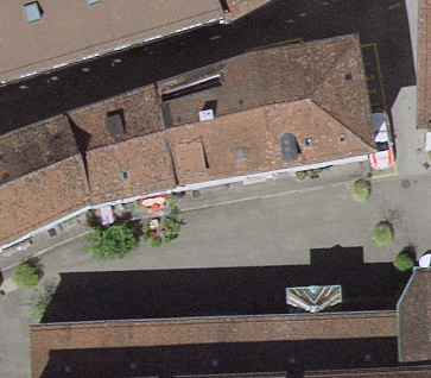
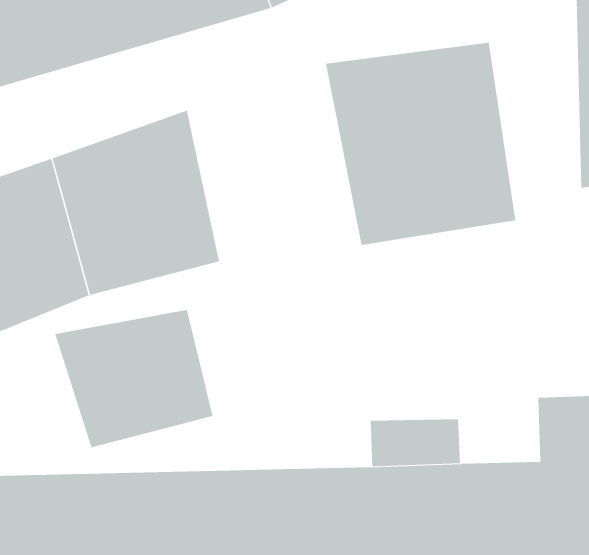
building: [161,50,277,182] -> none
building: none -> [54,309,213,448]

